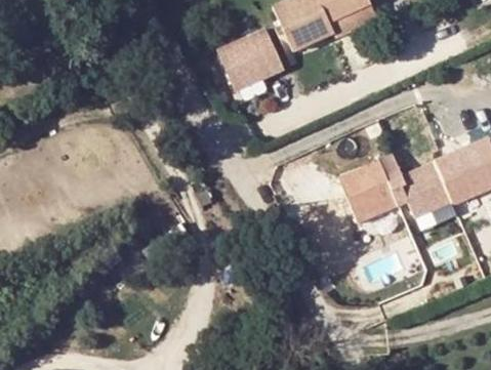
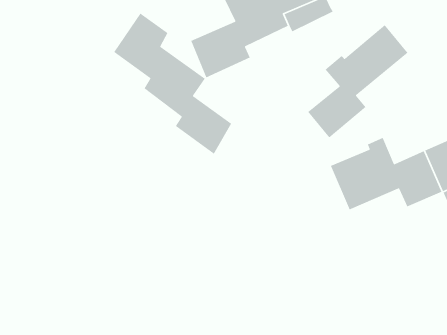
building: none -> [113,12,232,155]
building: none -> [307,24,409,139]

